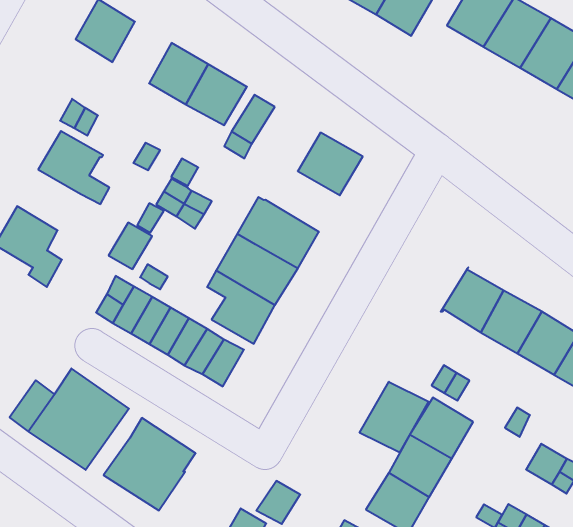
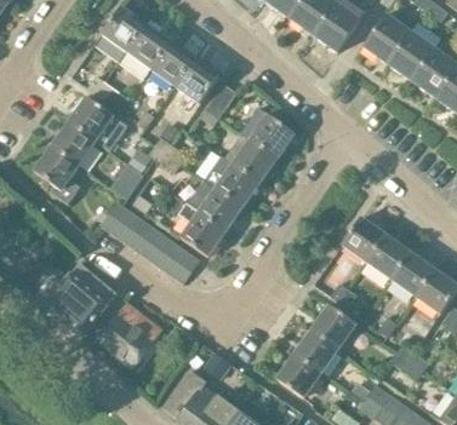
building: none -> [127,25,170,69]
building: none -> [225,133,278,183]
building: none -> [52,122,97,166]
building: [360,382,429,453] -> none

